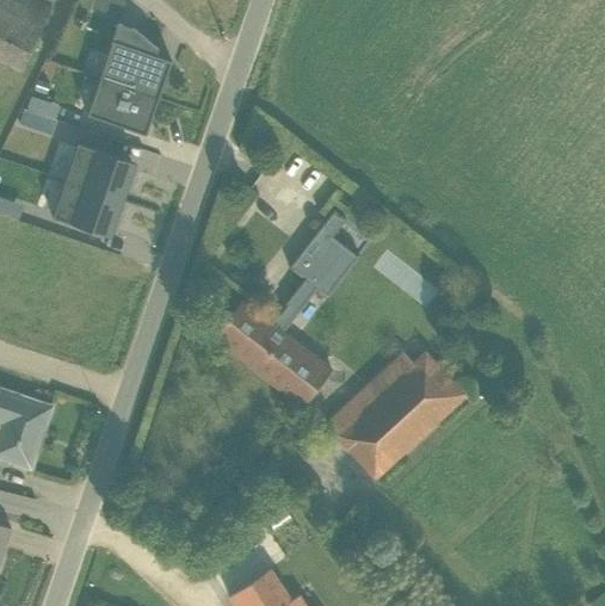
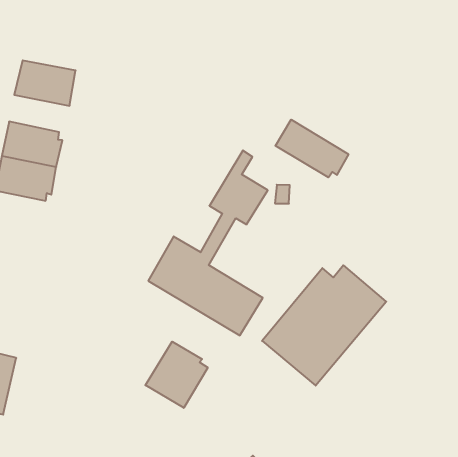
building: [101,24,169,97] -> none
building: none -> [275,120,348,177]
building: none -> [145,342,208,408]

